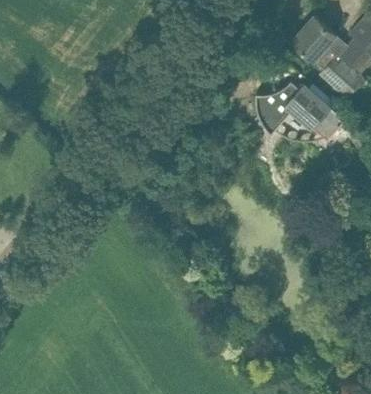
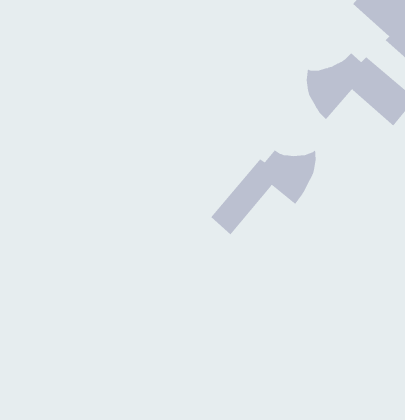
building: none -> [211,149,316,235]

